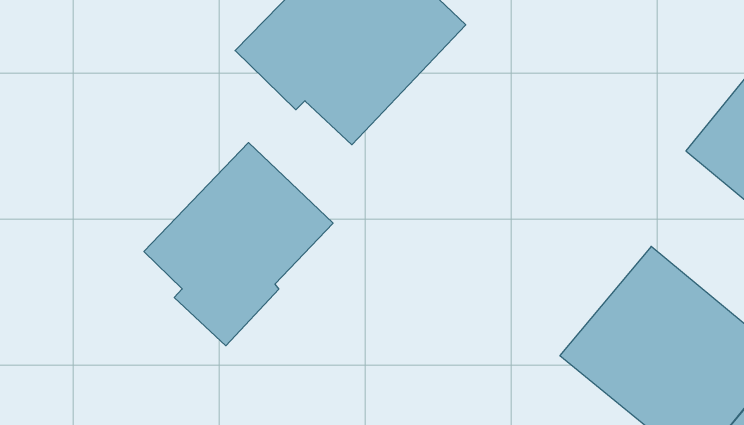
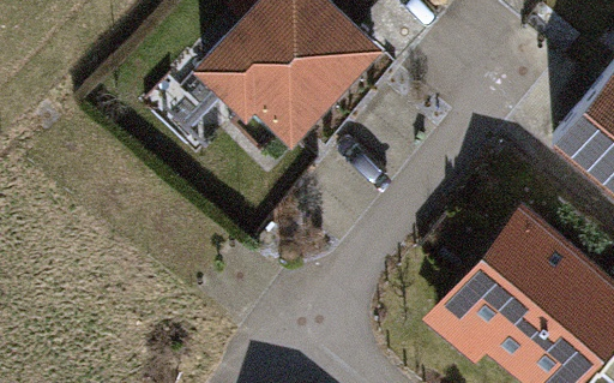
building: [144,143,333,346] -> none

